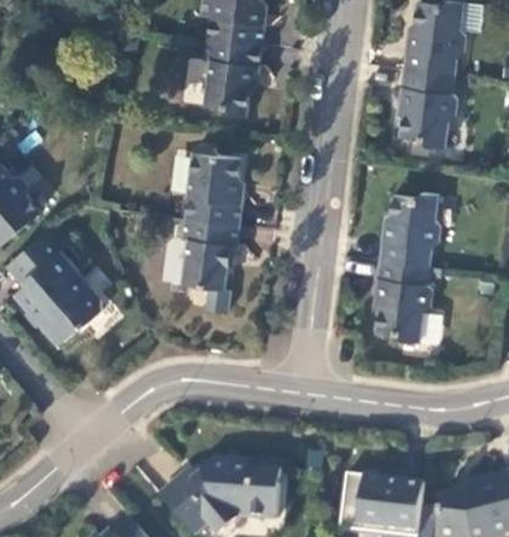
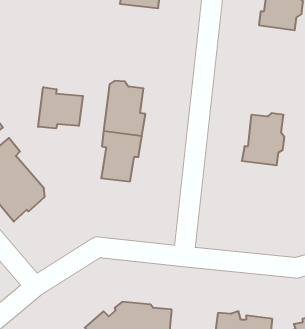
building: [204,39,262,116] -> none
building: [400,69,458,149] -> none
building: none -> [38,87,83,128]
building: [376,260,432,342] -> none

